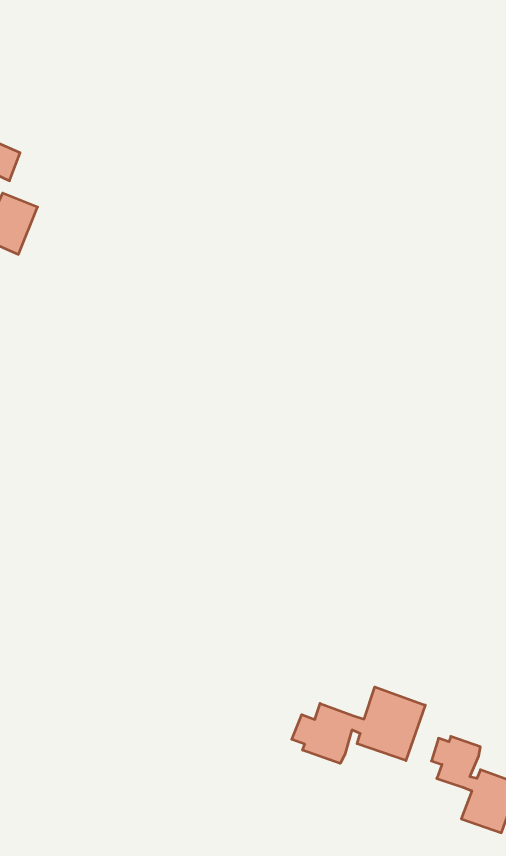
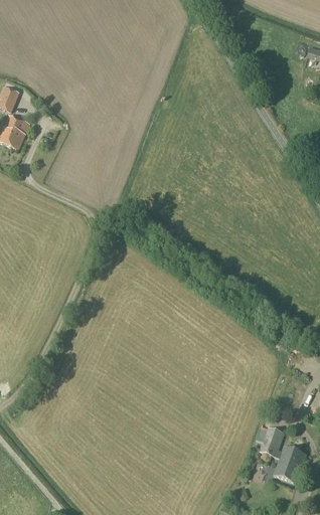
building: [292,687,425,763] -> none

